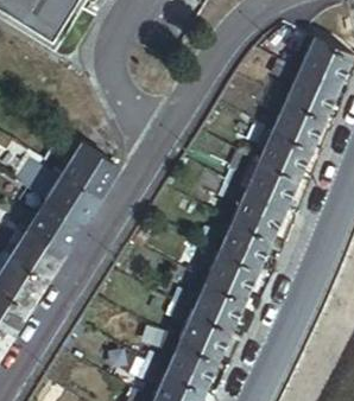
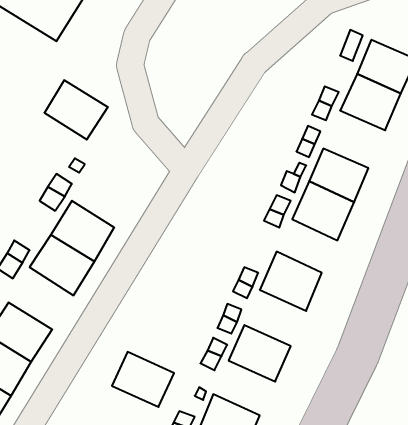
building: [277,94,329,142] -> none
building: [65,142,119,192] -> [44,80,108,140]
building: [238,185,289,230] -> none
building: [12,225,67,278] -> none
building: [210,244,263,292] -> none
building: [184,304,236,350] -> [112,352,174,407]

